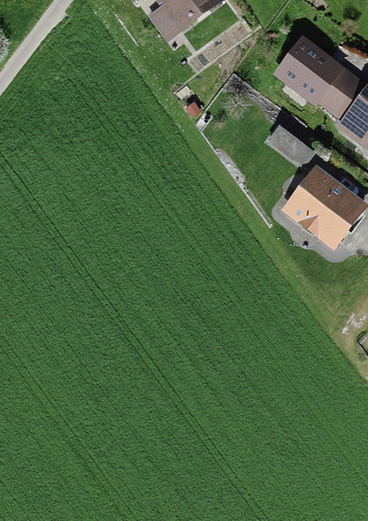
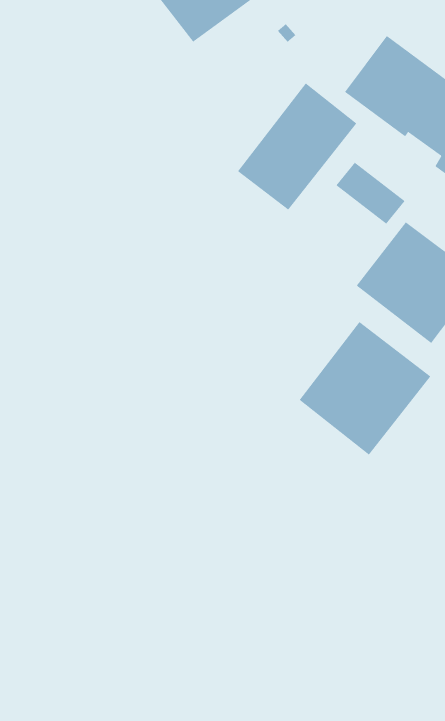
building: none -> [237,82,357,211]
building: none -> [299,321,431,456]

